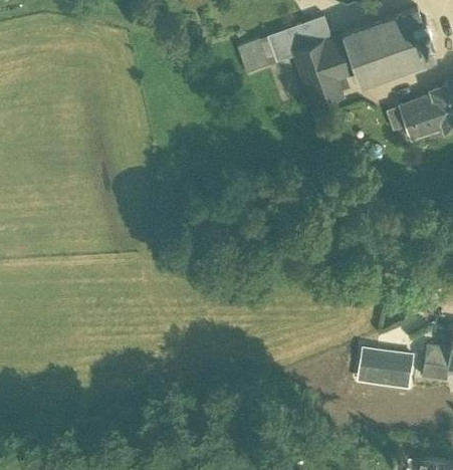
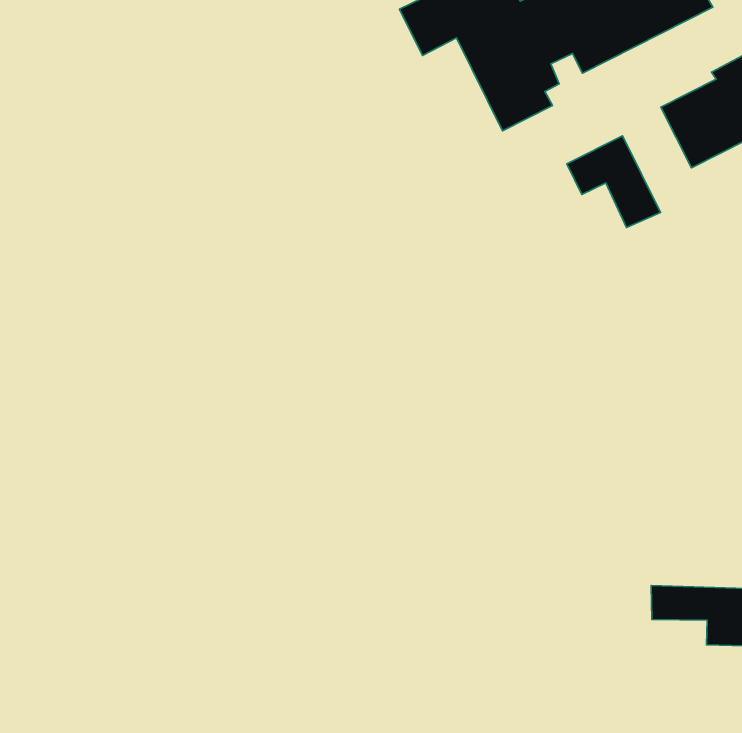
building: [237,38,268,72] -> none
building: none -> [567,136,661,228]

